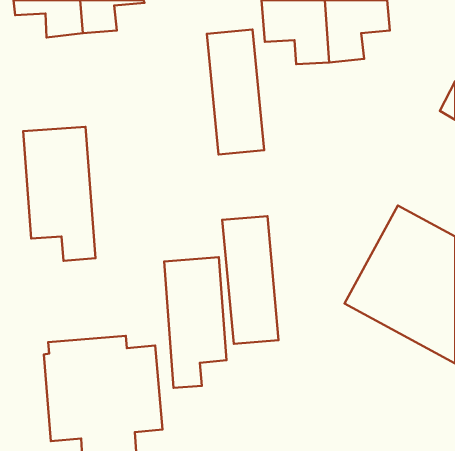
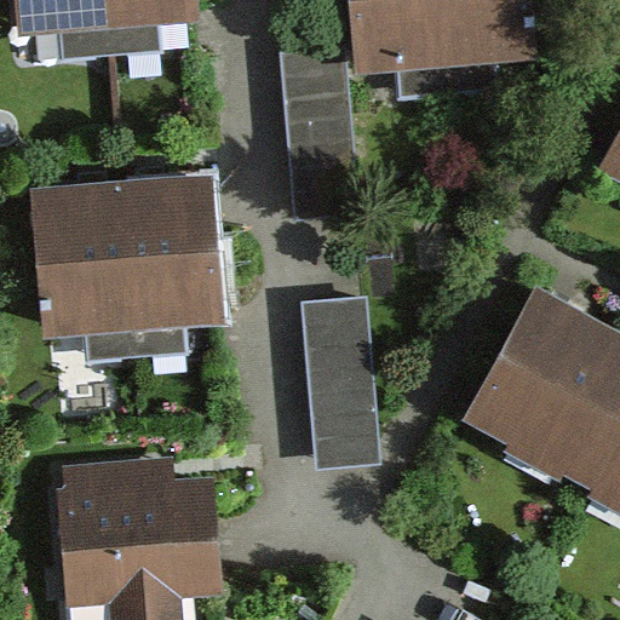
building: none -> [116,172,220,357]
building: [164,257,226,388] -> none

